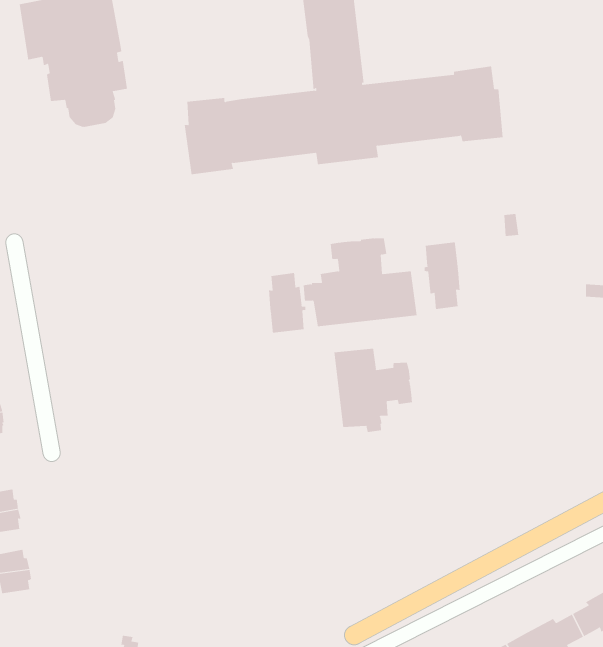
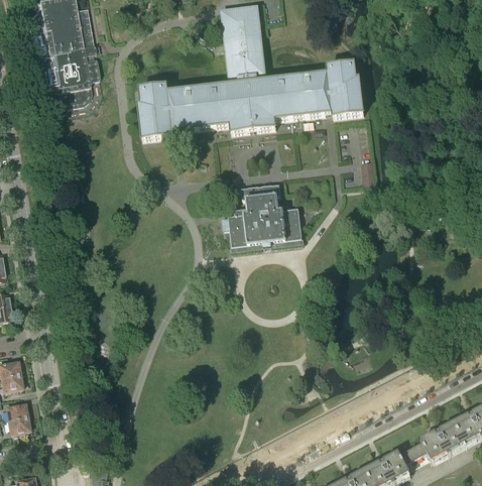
building: [424,242,460,310] -> none
building: [268,272,306,333] -> none
building: [334,348,412,433] -> none

